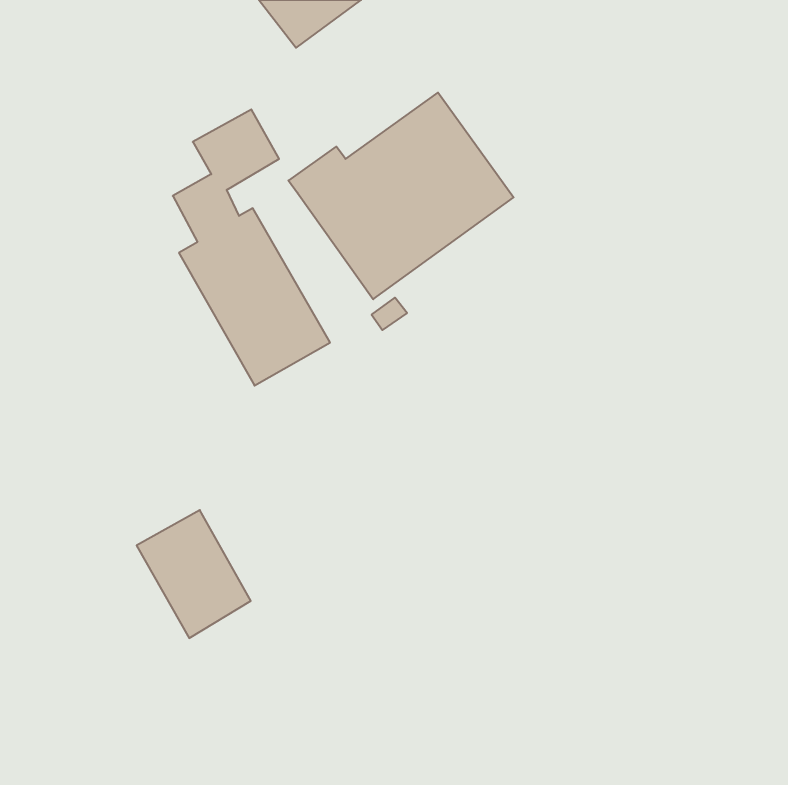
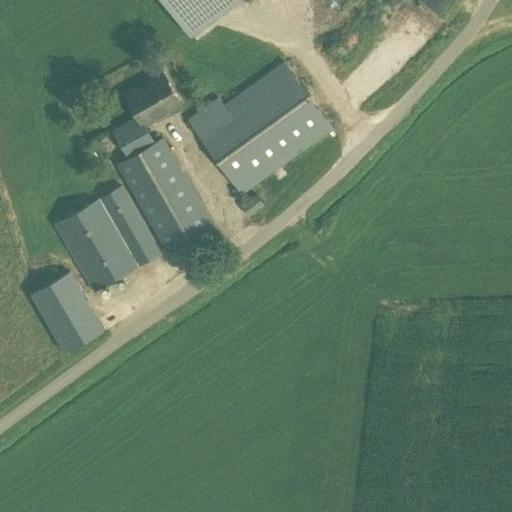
building: none -> [54,185,162,294]
building: [137,510,251,638] -> [31,272,105,355]

